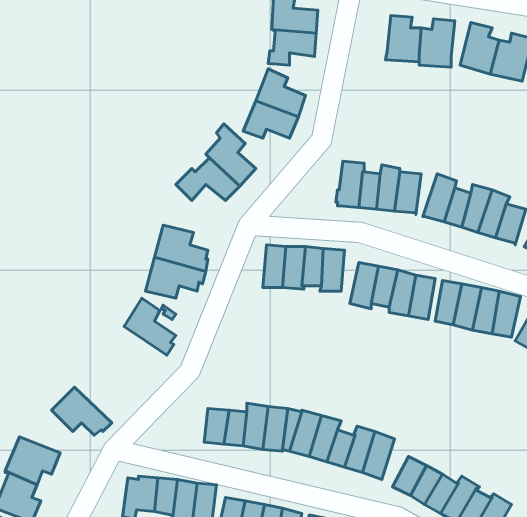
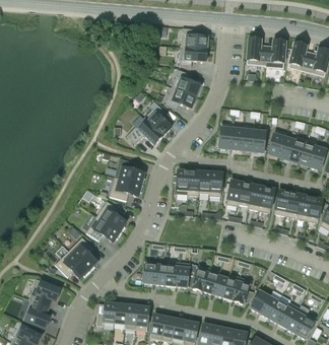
building: none -> [85,216,121,241]
building: none -> [68,236,96,271]

